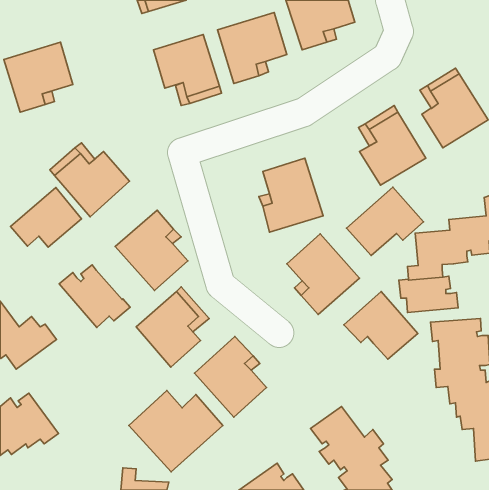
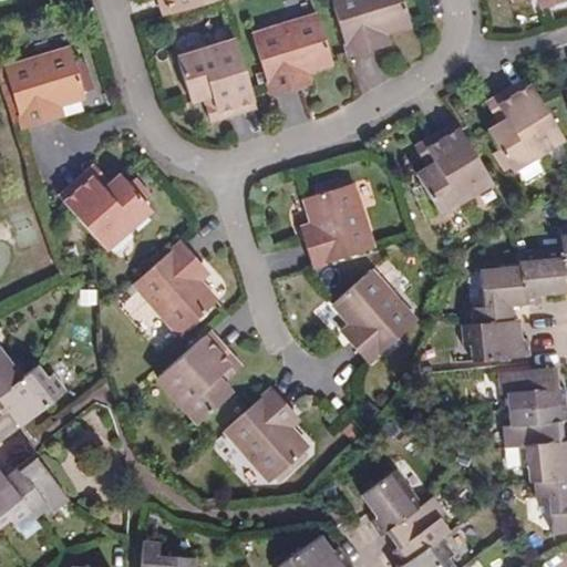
building: [346,187,423,256] -> none
building: [11,187,81,247] -> none
building: [59,265,130,327] -> none
building: [344,291,418,359] -> none
building: [129,391,223,472] -> none

